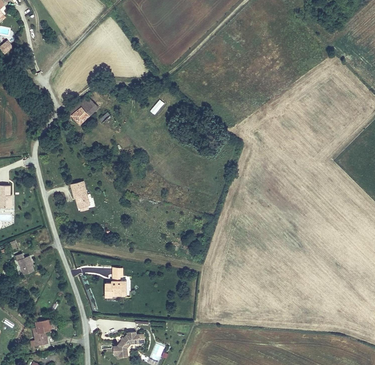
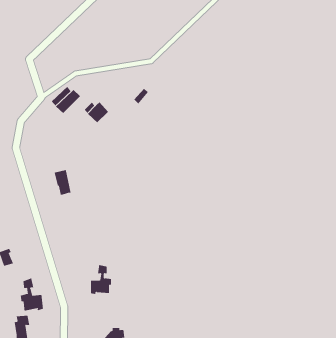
building: none -> [20,277,43,311]

